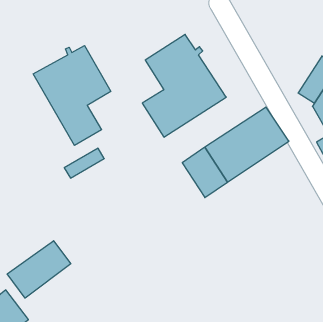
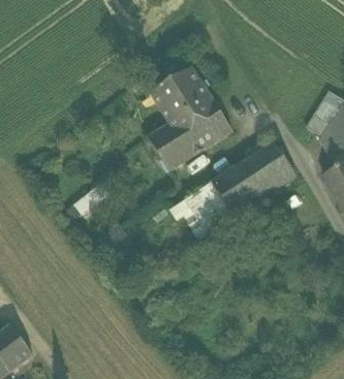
building: [33,46,111,145] -> none
building: [7,241,71,298] -> none

